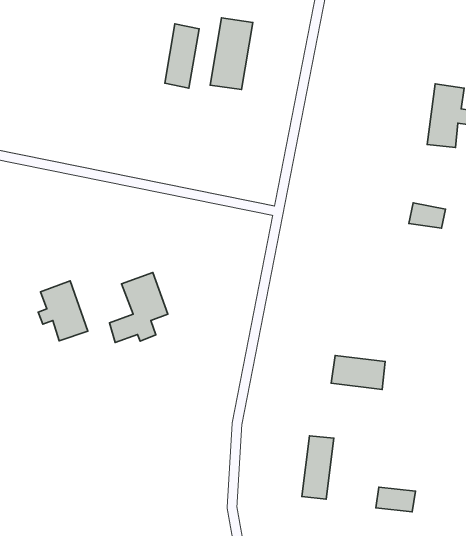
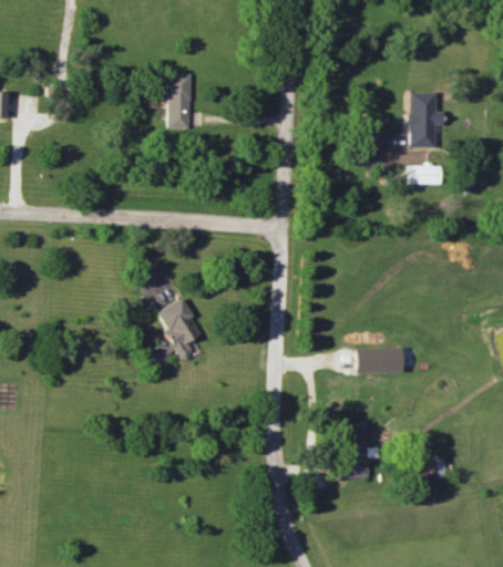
building: [210,18,253,90] -> none
building: [409,203,446,228] -> [411,165,442,184]
building: [38,281,88,341] -> none

